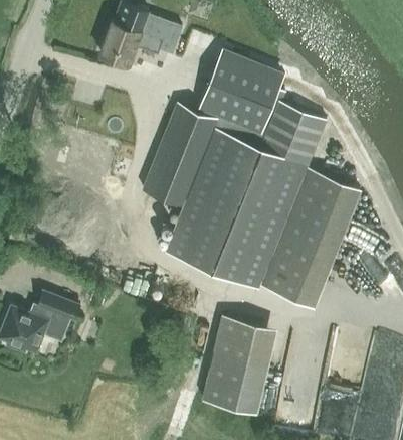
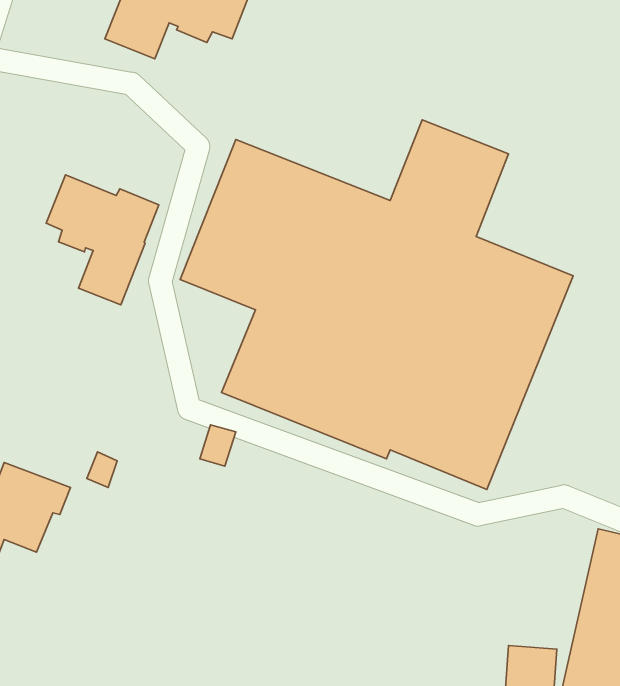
building: [198,54,283,136] -> none
building: none -> [46,175,159,305]
building: [201,313,276,410] -> none

